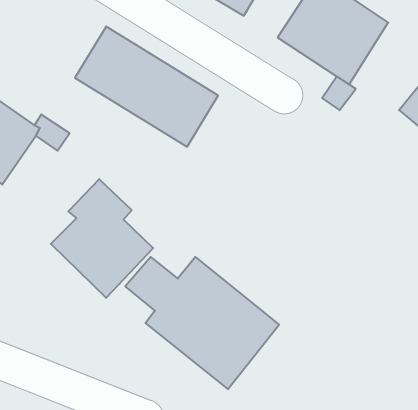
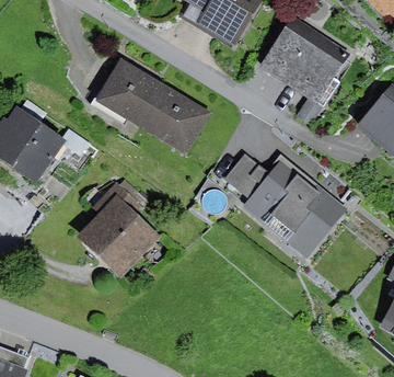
building: [125,257,279,389] -> [224,153,349,261]

